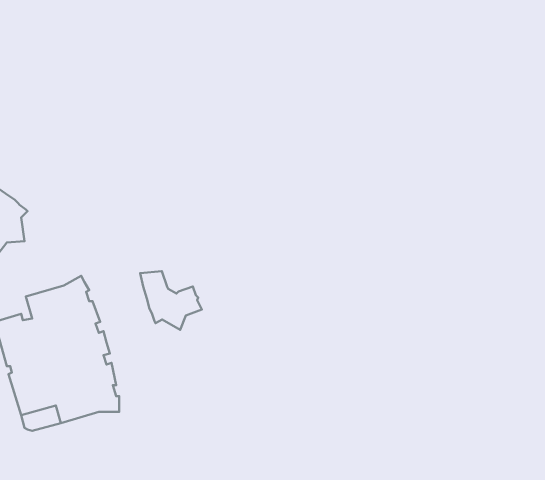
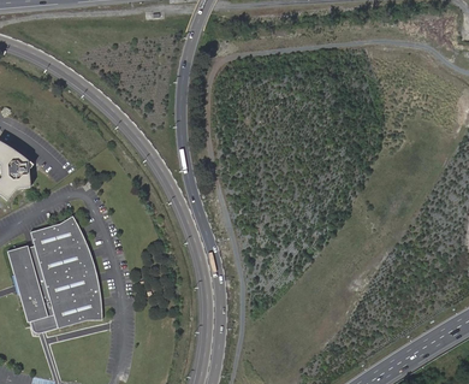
building: [140,271,202,330] -> none

